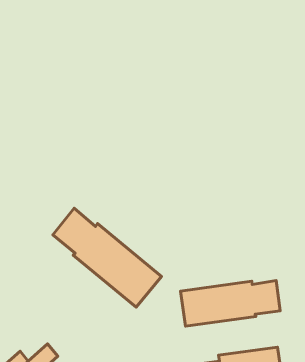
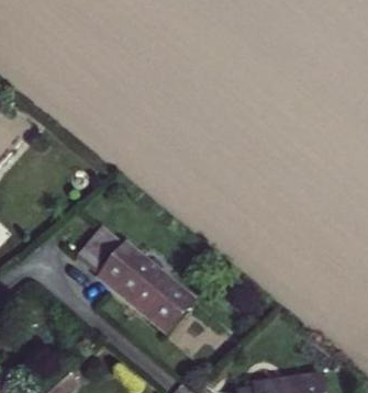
building: [180,281,280,326] -> none

